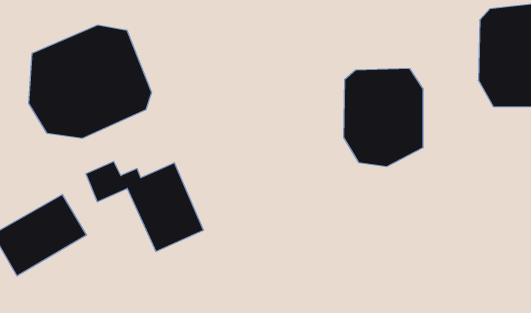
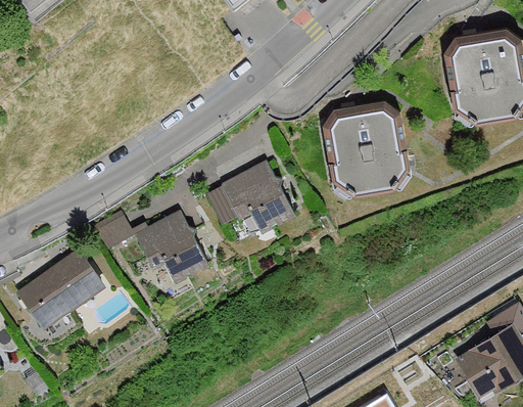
building: [29,25,152,138] -> none
building: none -> [223,163,295,239]

